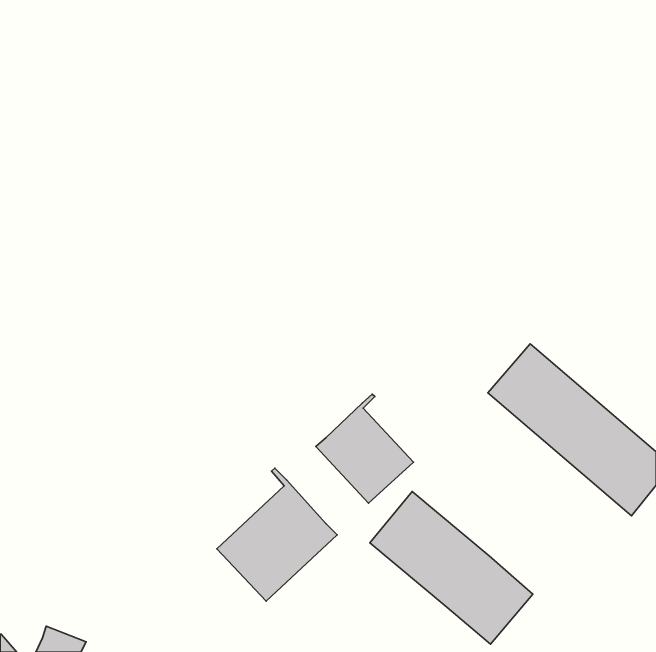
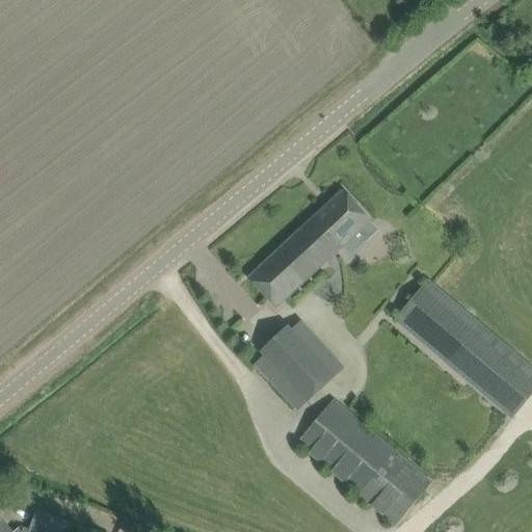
building: none -> [249,188,370,304]
building: [217,468,337,601] -> none

